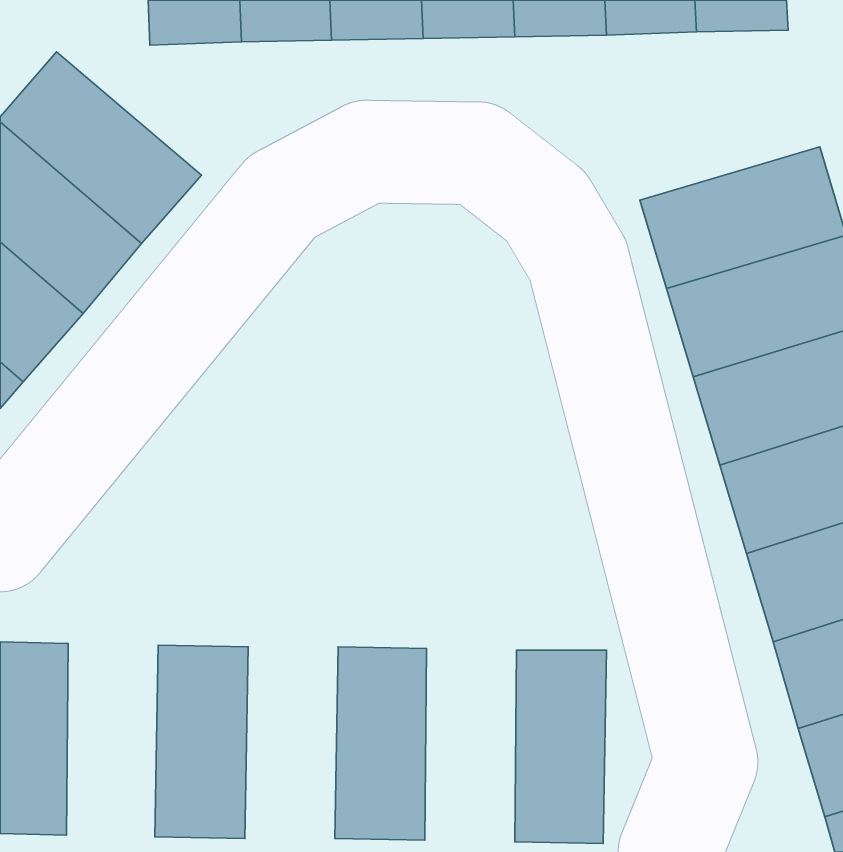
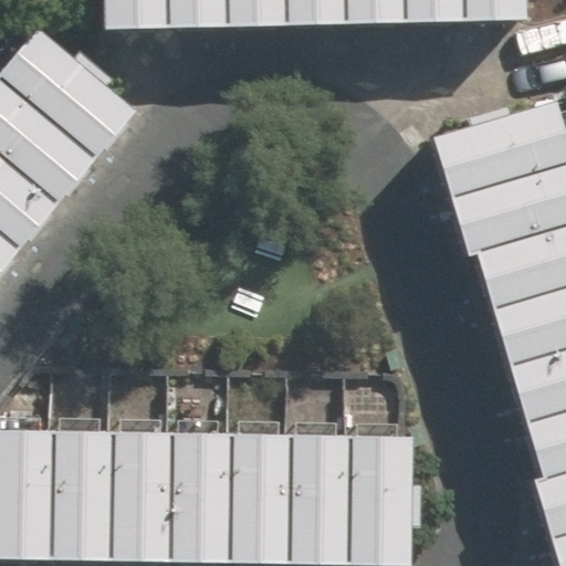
building: none -> [50,427,111,555]
building: none -> [168,429,230,556]
building: none -> [287,430,348,558]

